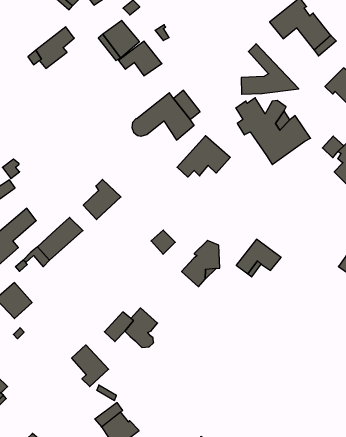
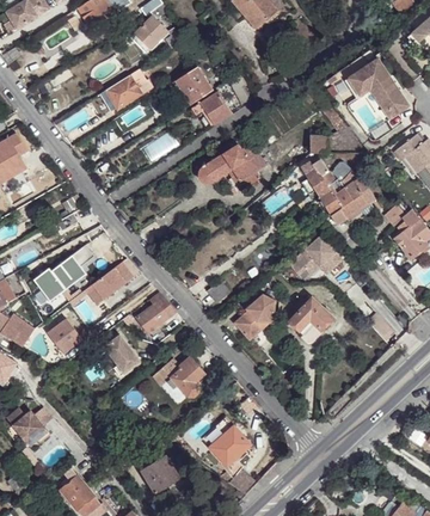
building: [177,136,230,177] -> [287,234,340,274]
building: [83,179,121,220] -> [137,293,176,332]
building: [72,345,109,387] -> [104,333,140,375]
building: none -> [209,424,253,467]

